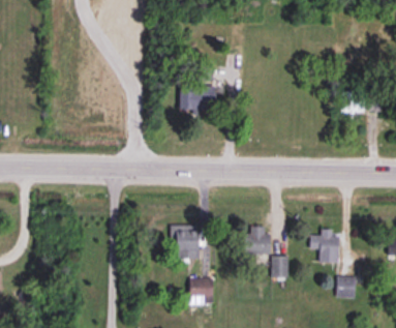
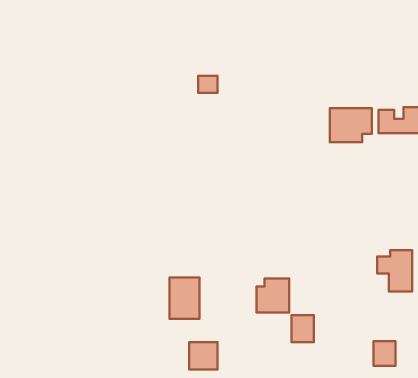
building: [179,87,213,111] -> none
building: none -> [330,108,372,142]
building: [310,230,338,263] -> [377,250,412,292]

